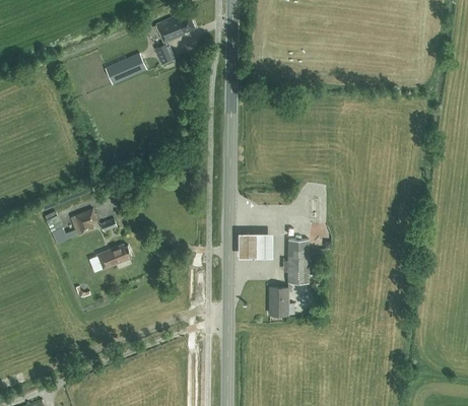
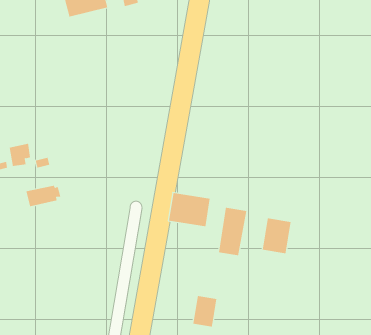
building: none -> [262,217,291,254]
building: [269,287,288,315] -> [193,296,217,327]

